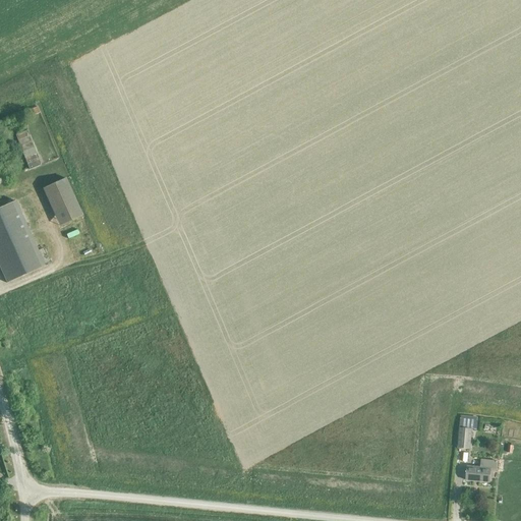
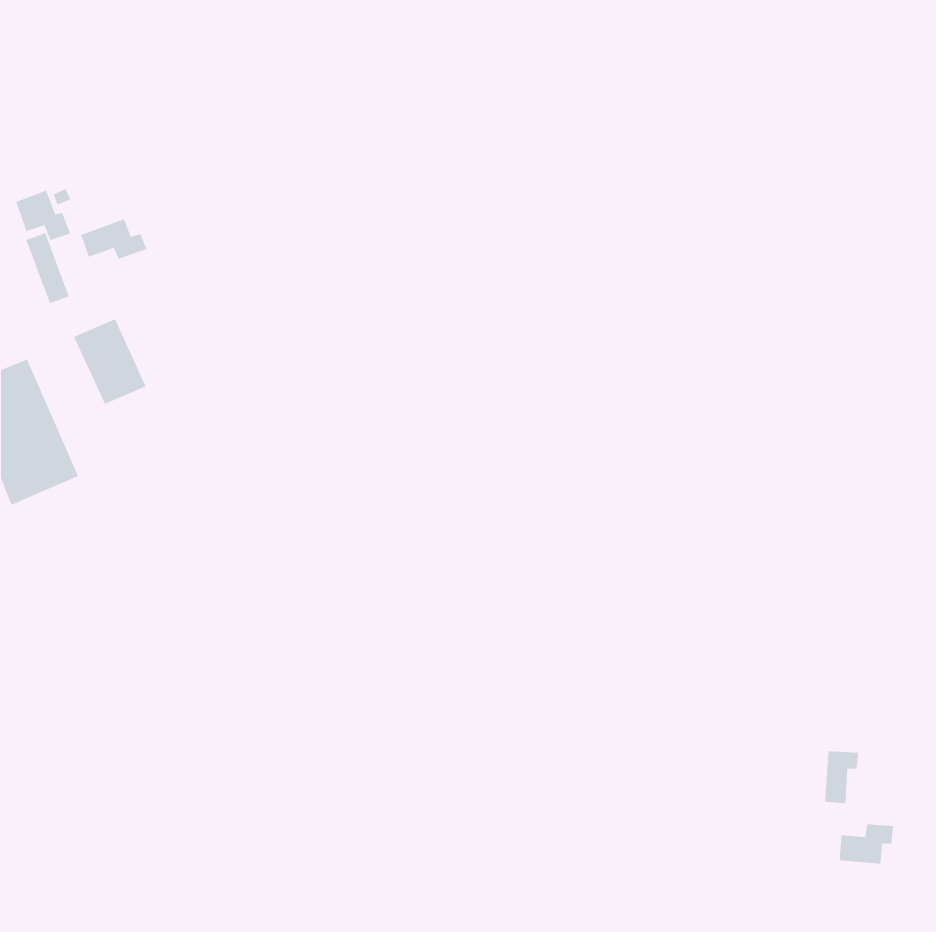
building: none -> [15,190,71,241]
building: none -> [81,218,147,260]

